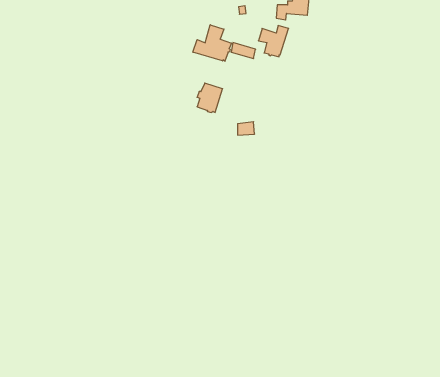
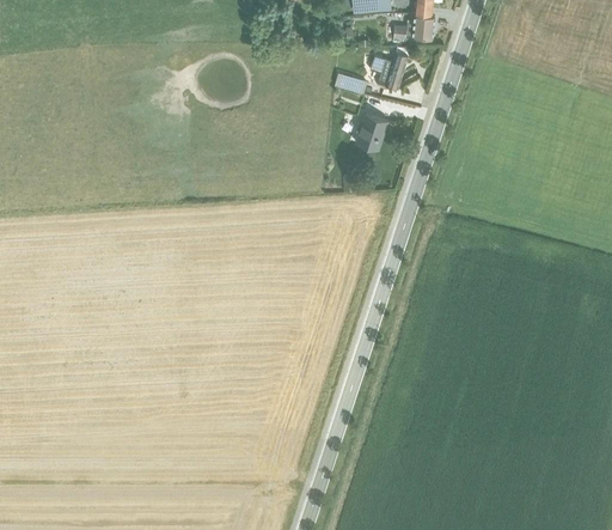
building: [193,25,231,61] -> none
building: [197,83,223,112] -> [355,112,387,150]

